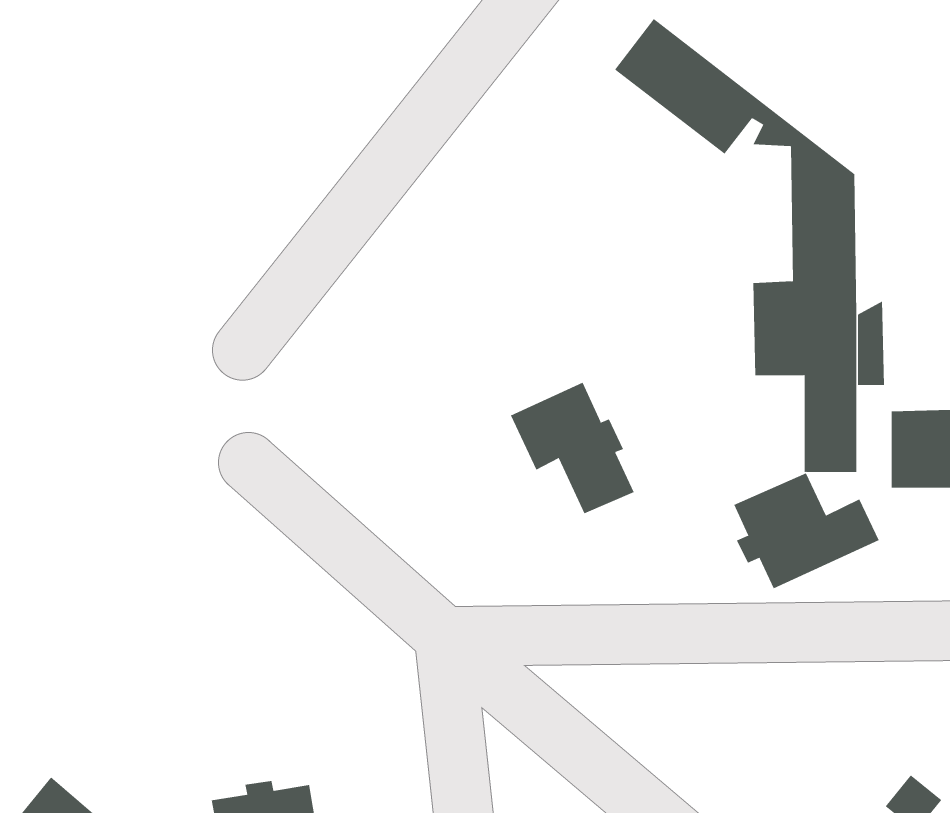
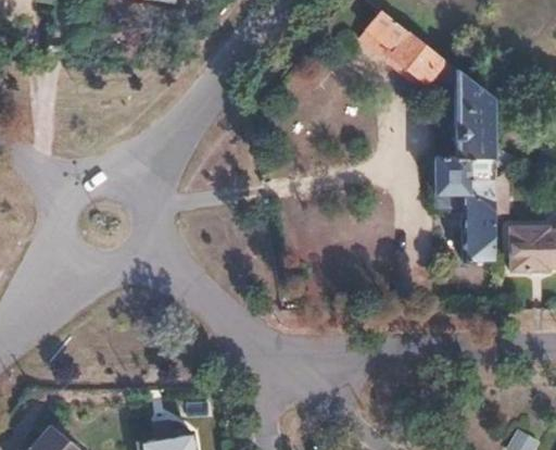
building: [510,382,634,514] -> none
building: [733,472,879,589] -> none

